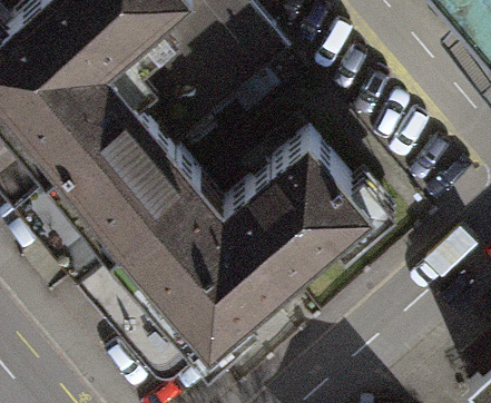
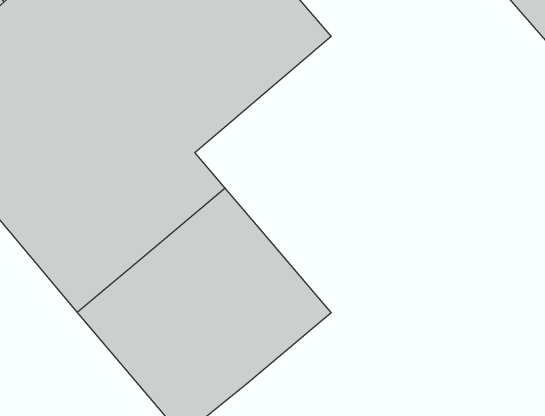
building: [243,129,392,277] -> none

